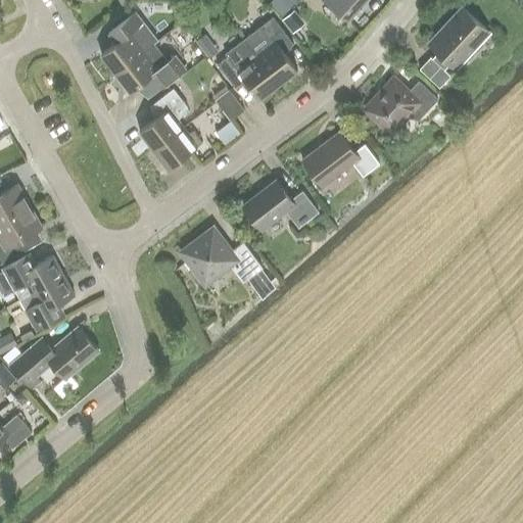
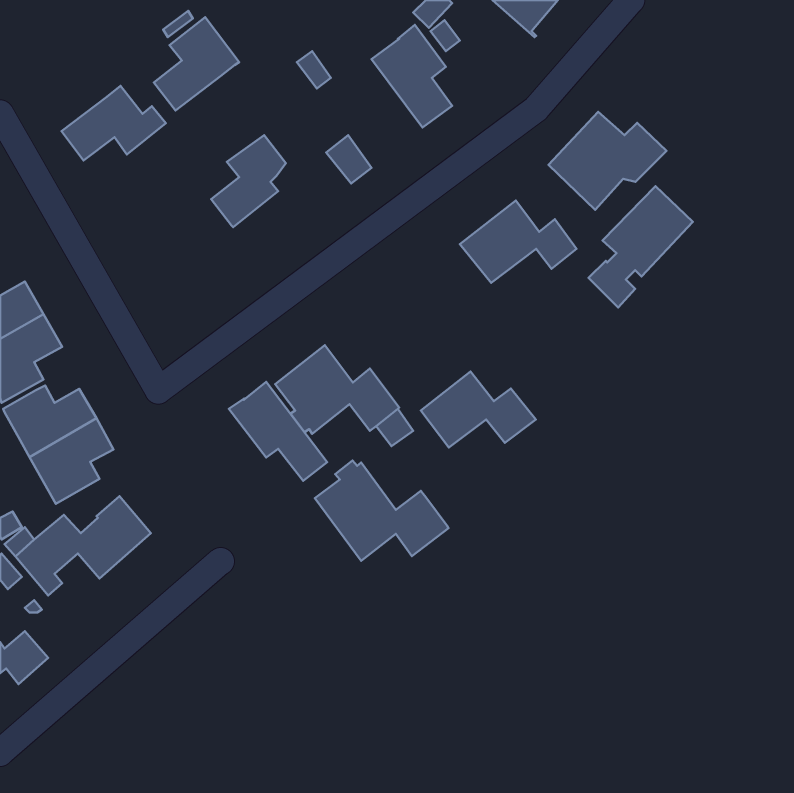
building: [420,9,488,89] -> [589,186,693,307]
building: [218,40,278,100] -> none
building: [115,44,184,93] -> [62,86,166,161]
building: [153,127,202,170] -> none
building: [243,181,319,231] -> [421,371,536,448]
building: none -> [229,382,327,481]
building: none -> [315,461,448,561]

